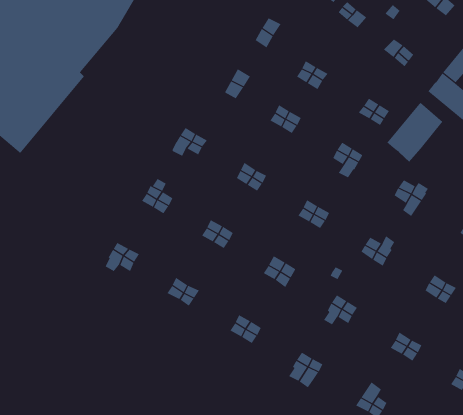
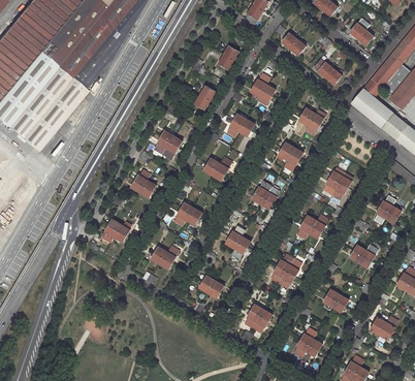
building: [387,102,443,163] -> none

